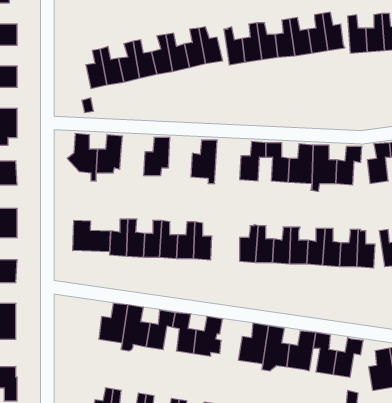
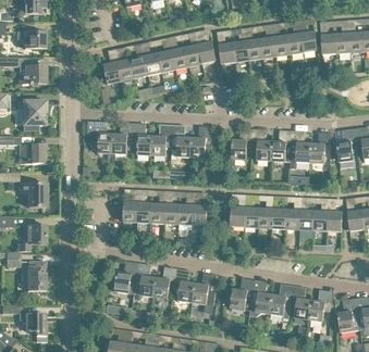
building: none -> [132,123,151,155]
building: none -> [170,124,190,159]
building: [73,220,110,252] -> none

